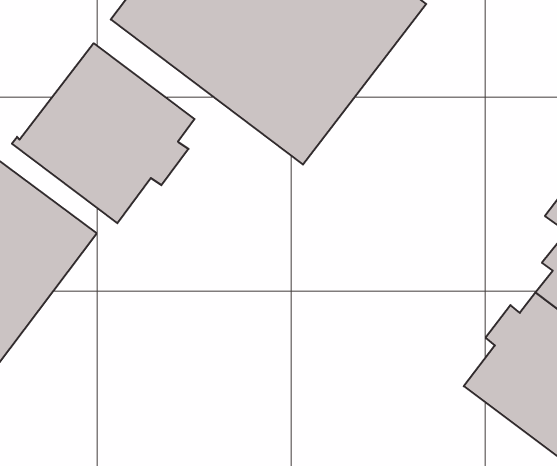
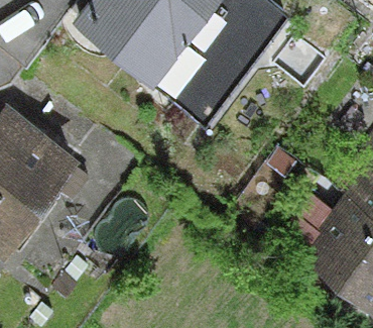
building: [12,43,195,223] -> none

